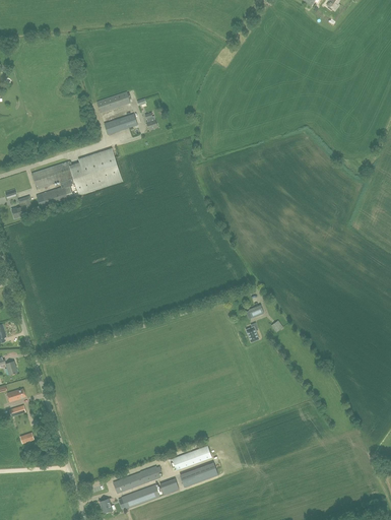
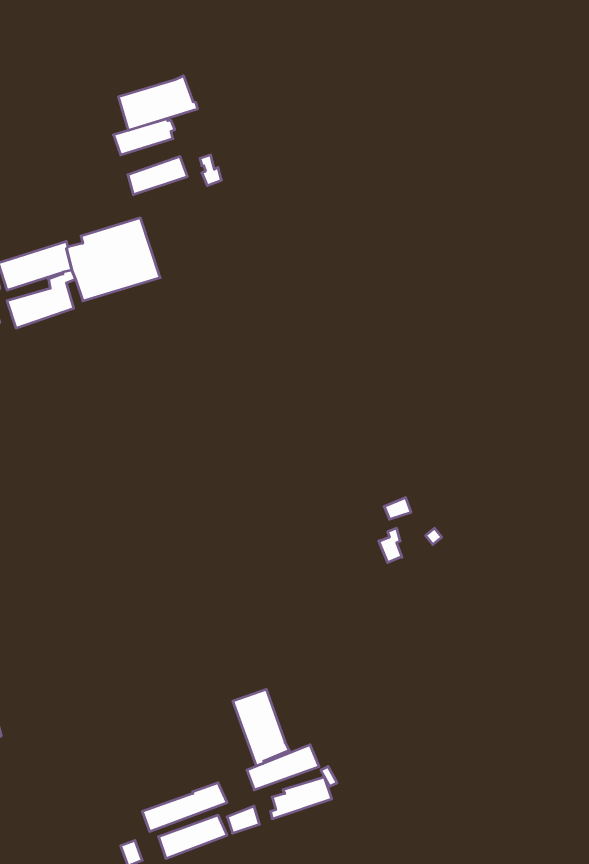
building: none -> [119,76,197,130]
building: none -> [233,689,289,766]

